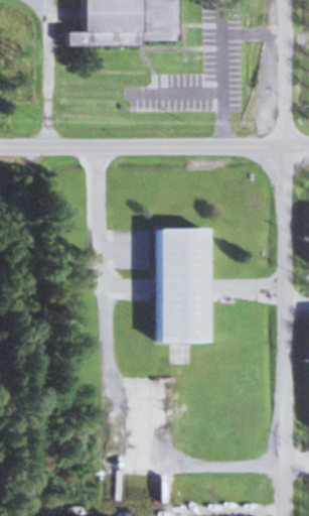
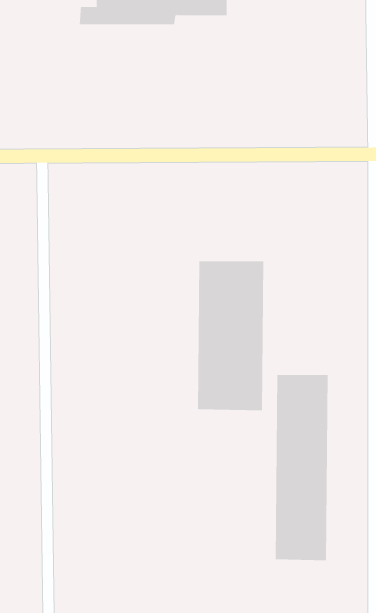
building: none -> [275,374,328,561]

